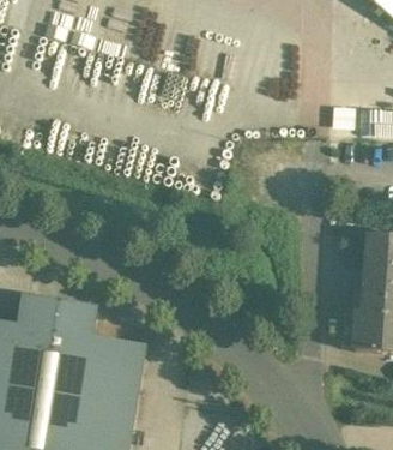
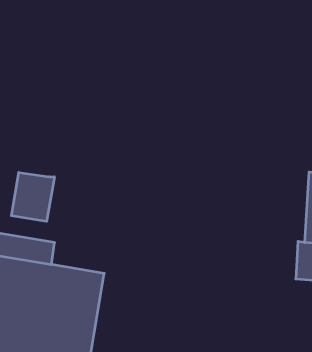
building: none -> [11,172,54,221]

